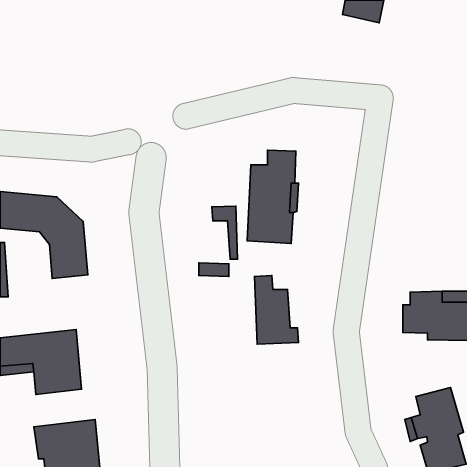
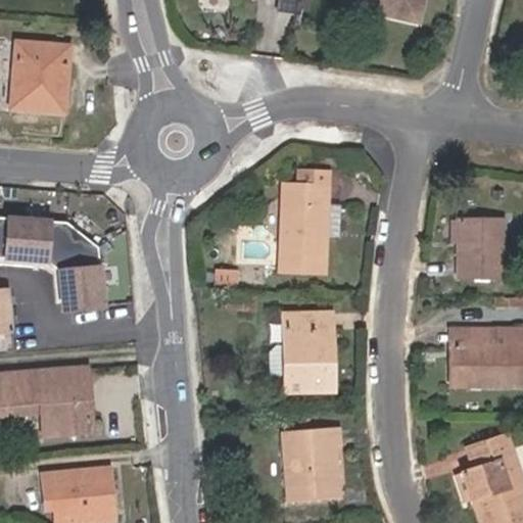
building: none -> [9,46,69,114]
building: none -> [460,218,504,274]
building: [212,206,238,259] -> [304,307,333,367]
building: none -> [287,424,342,496]

